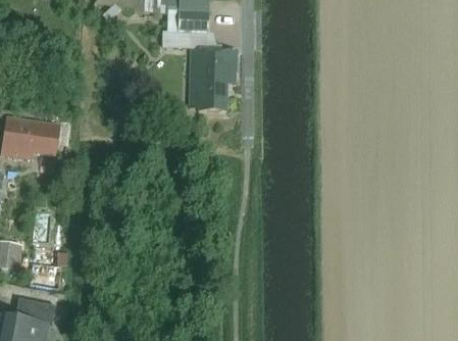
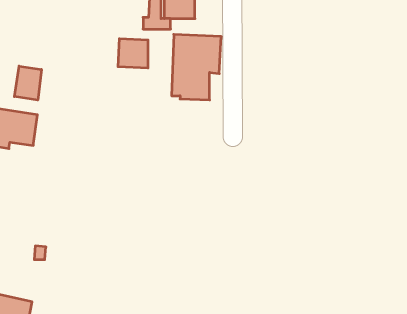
building: none -> [118,39,148,68]
building: none -> [14,66,41,100]

